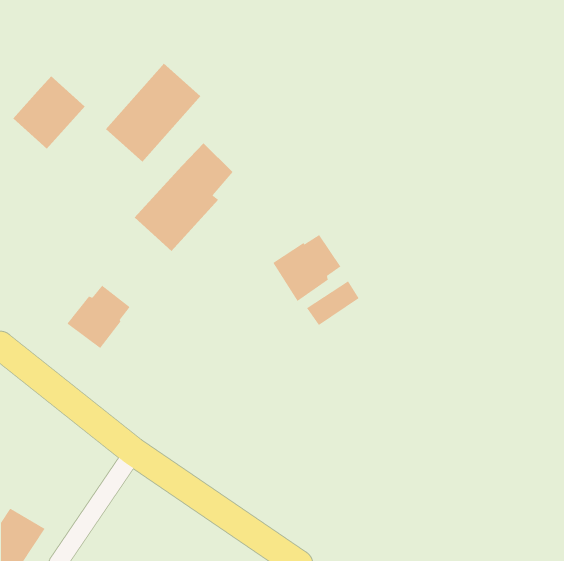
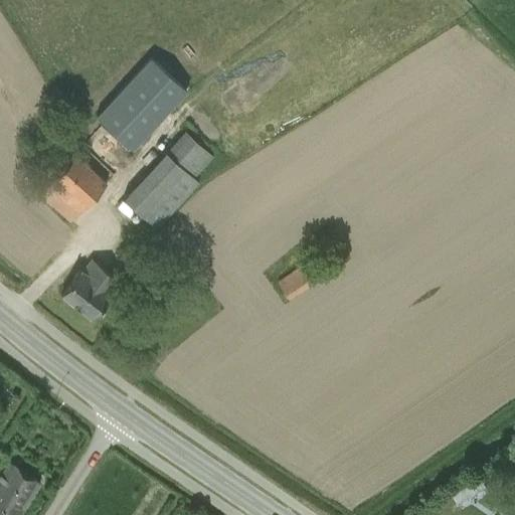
building: [13,76,86,150] -> [41,157,108,224]
building: [272,234,341,302] -> none

